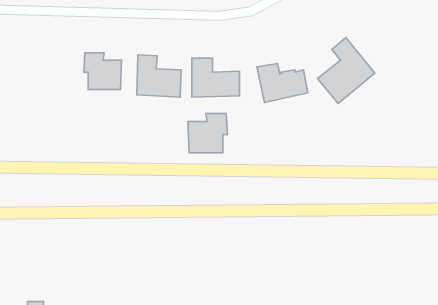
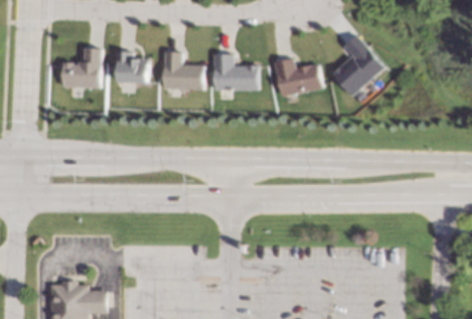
building: none -> [60,49,100,90]
building: [188,114,227,153] -> none

